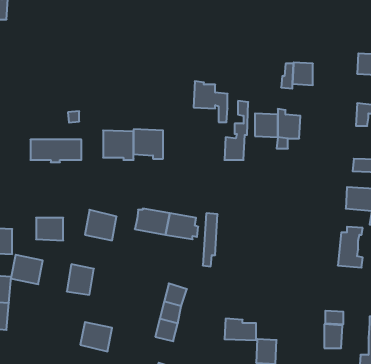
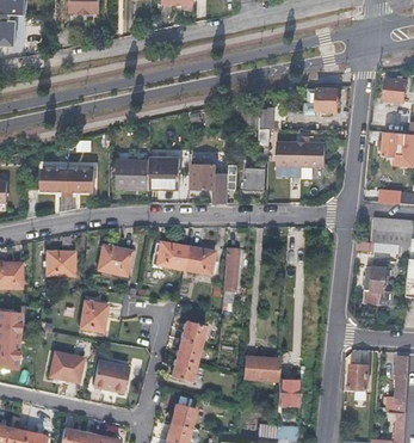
building: [194,81,228,122] -> [192,160,228,203]
building: [11,255,43,284] -> [49,351,82,382]

